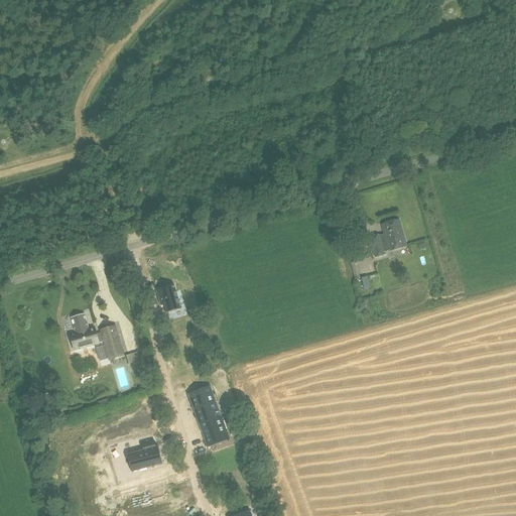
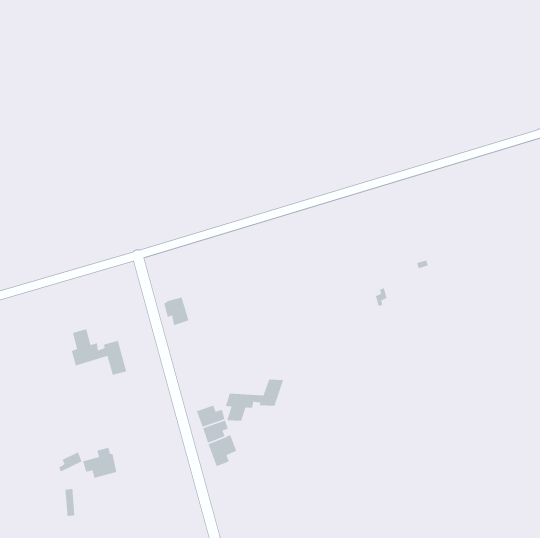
building: [369,217,405,254] -> none
building: none -> [225,379,284,422]
building: [127,437,160,468] -> [82,447,117,479]

